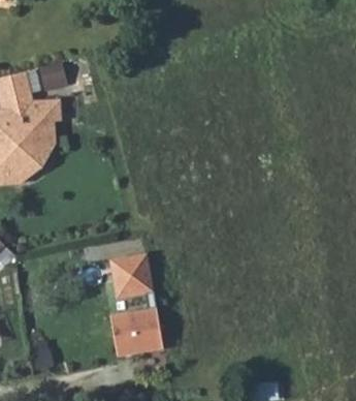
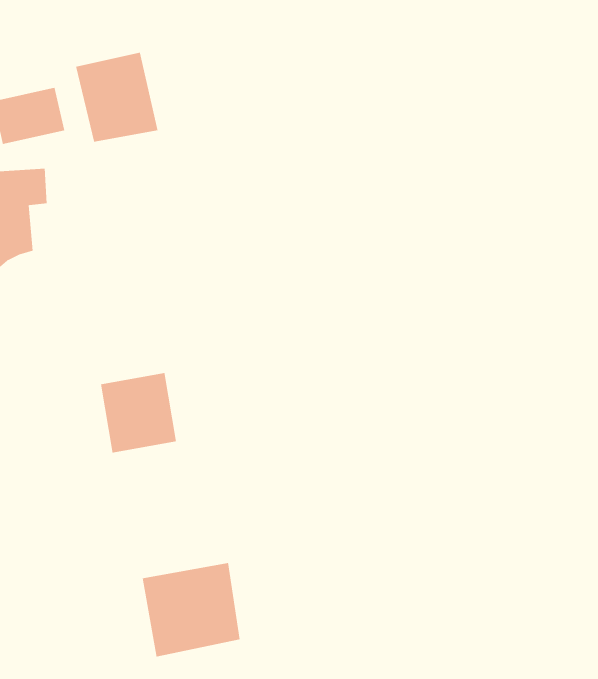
building: none -> [75,52,158,143]
building: [111,253,152,296] -> [100,372,177,453]

